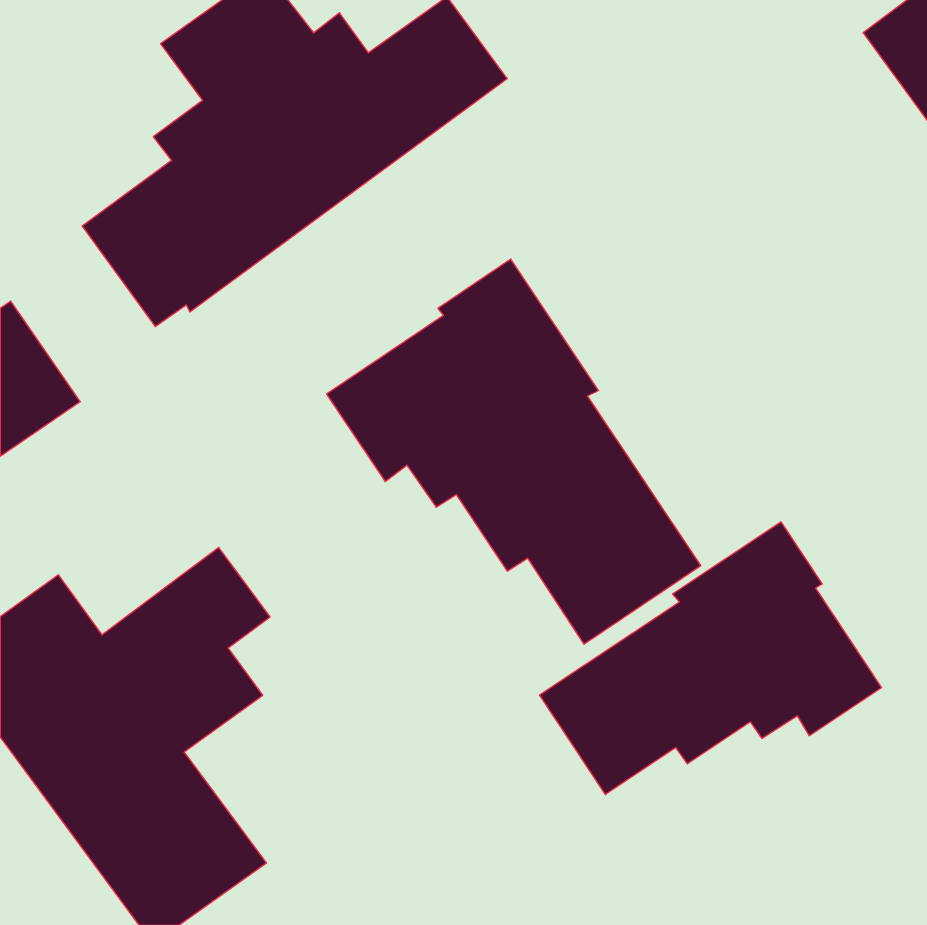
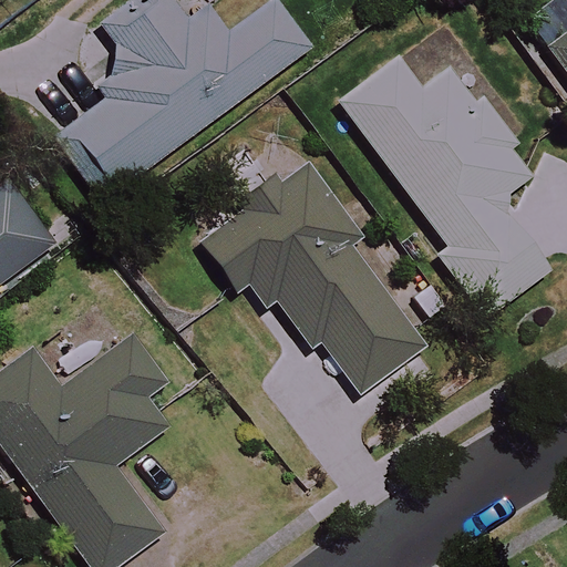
building: none -> [338,58,553,318]
building: [540,522,882,795] -> none

